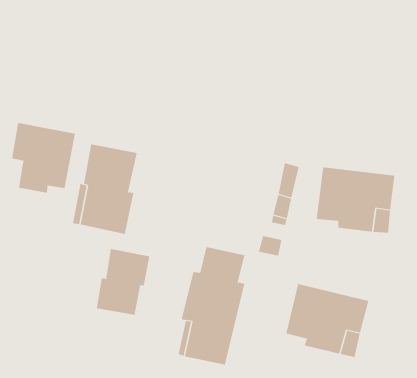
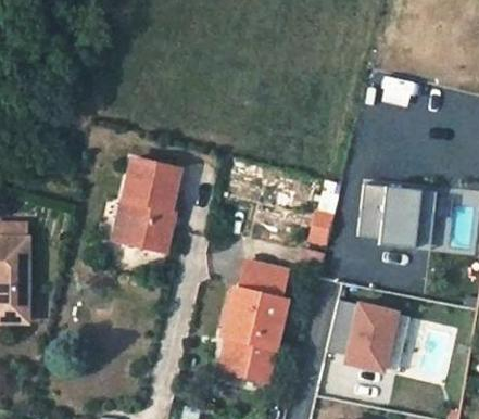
building: [12,122,75,194] -> none
building: [96,248,150,315] -> none

